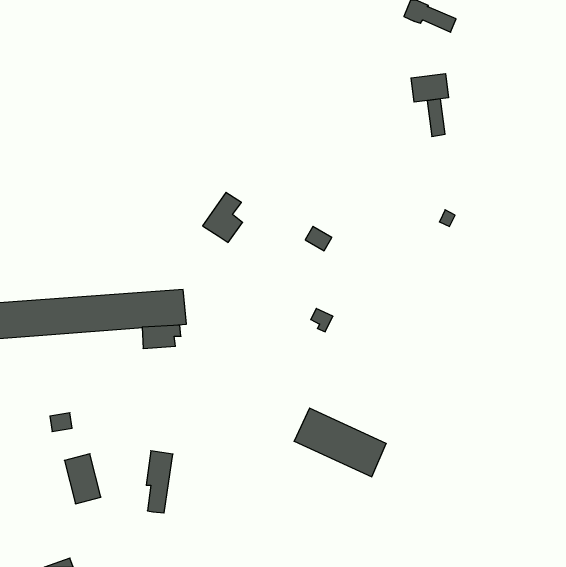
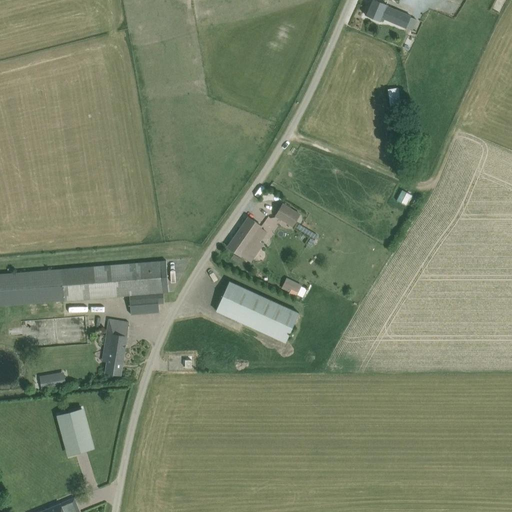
building: [411,74,448,102] -> none
building: [203,192,243,242] -> [226,217,262,262]
building: [294,408,386,477] -> [215,281,298,343]
building: [146,451,173,513] -> [104,319,128,375]

